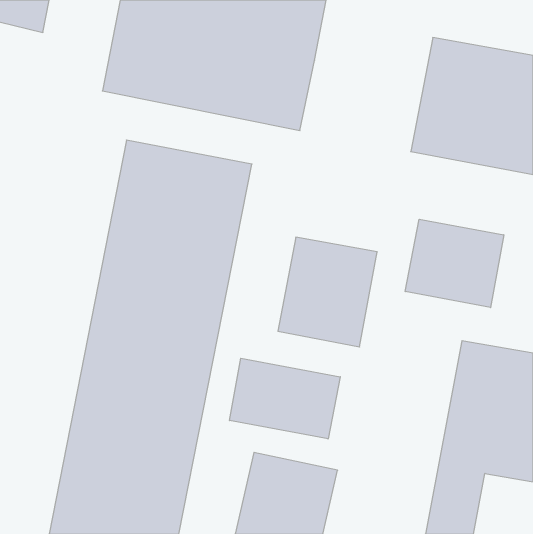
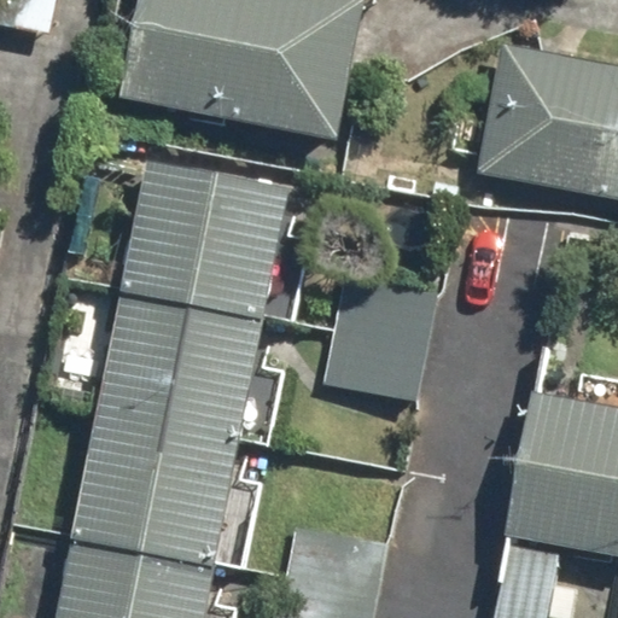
building: [405,219,504,308] -> none
building: [230,358,340,439] -> none

